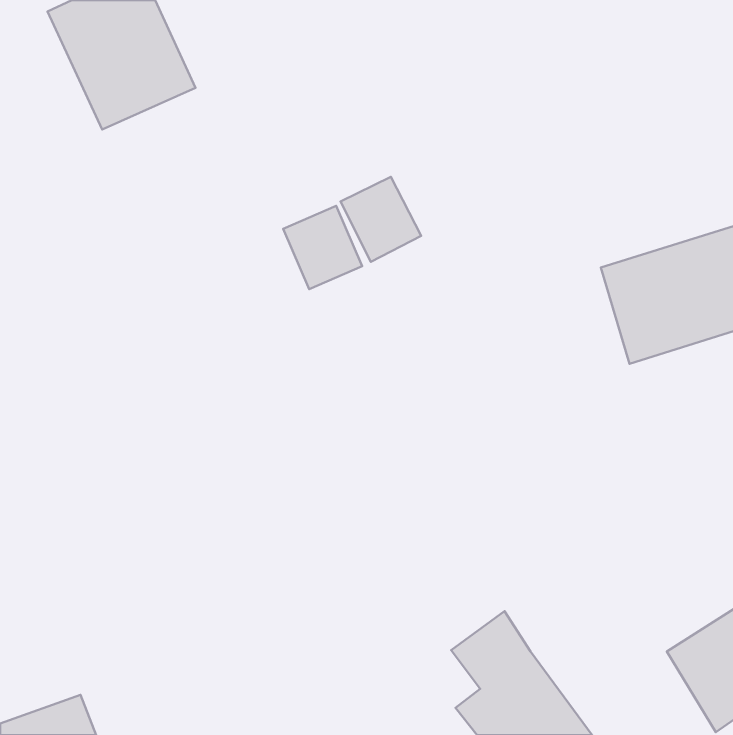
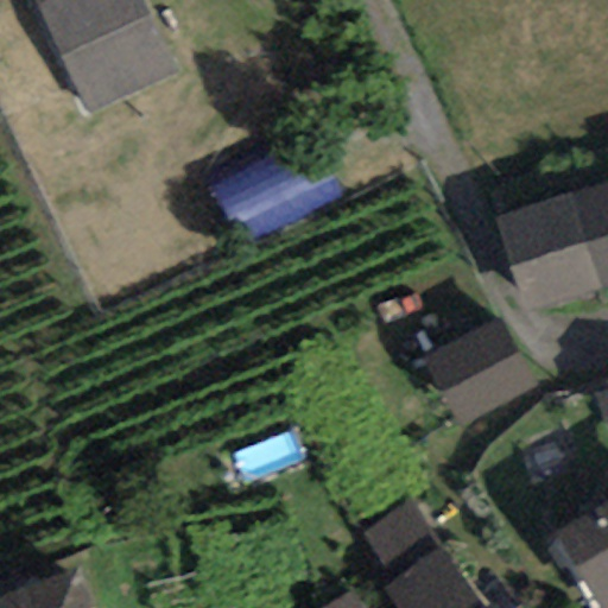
building: none -> [424,328,520,417]

